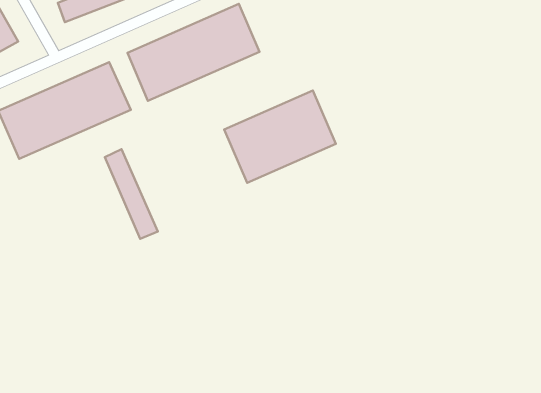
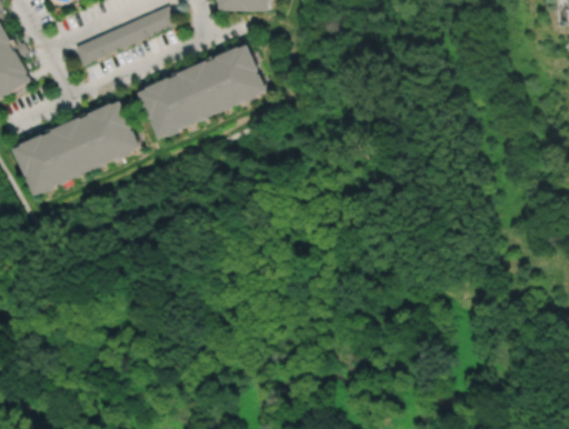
building: [224,90,336,183] -> none
building: [105,149,158,239] -> none

